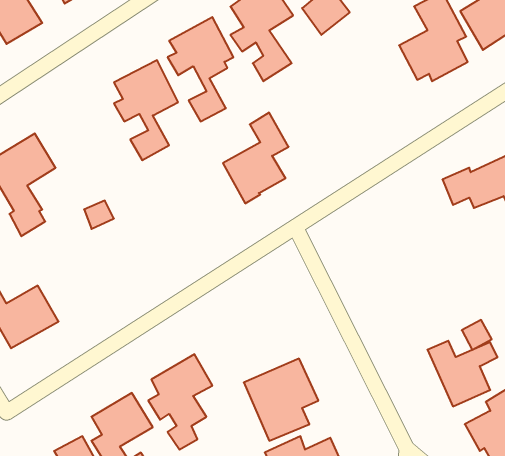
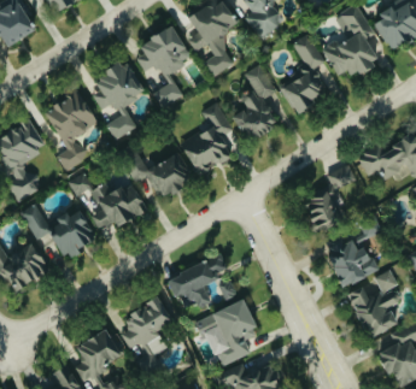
building: none -> [281,35,329,112]
building: none -> [232,64,277,142]
building: none -> [43,92,98,172]
building: none -> [122,149,189,199]
building: none -> [303,165,356,231]
building: none -> [90,183,142,230]
building: none -> [22,205,96,258]
building: none -> [324,223,382,287]
building: none -> [168,254,229,314]

